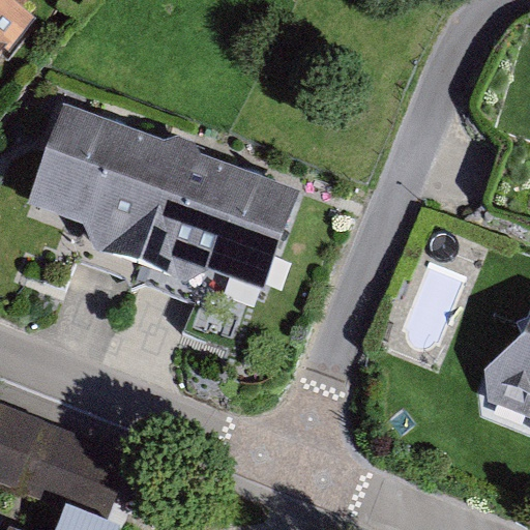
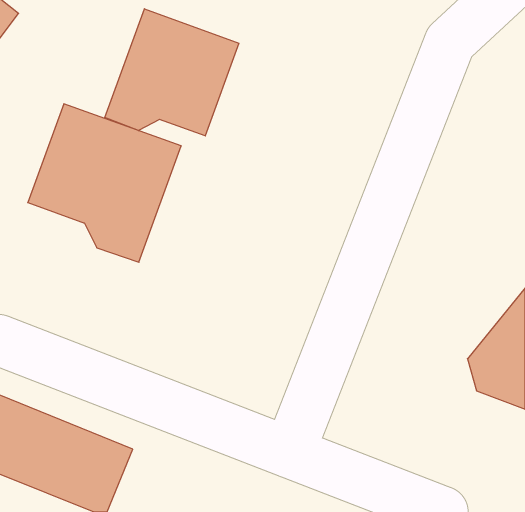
building: none -> [105,9,239,136]
building: [140,147,301,290] -> none

